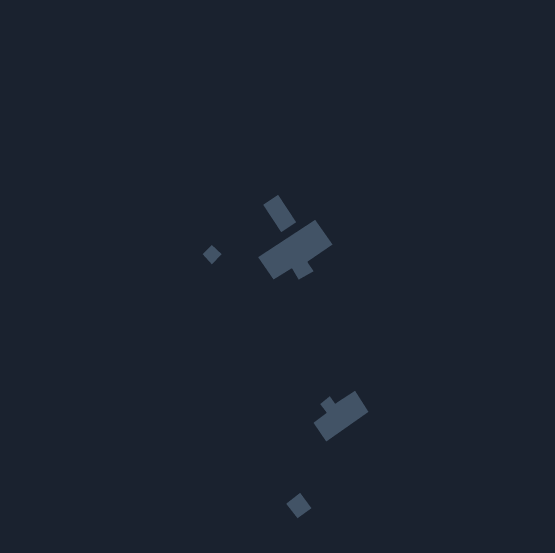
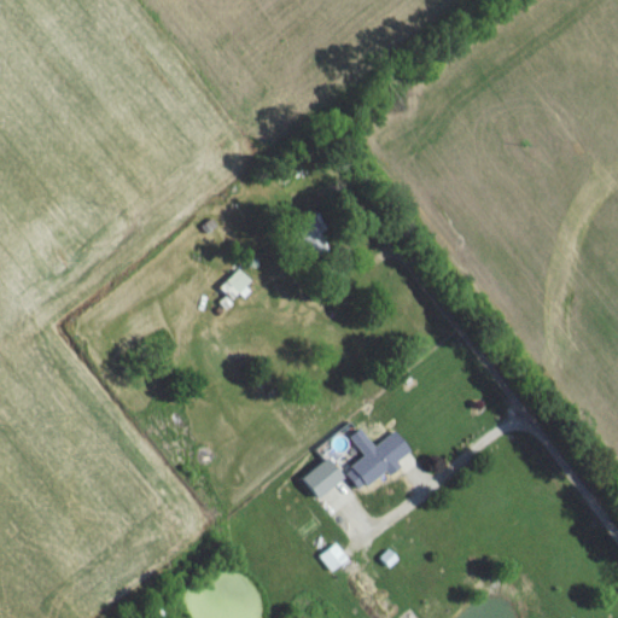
building: [257,219,334,281] -> none
building: none -> [302,457,343,497]

